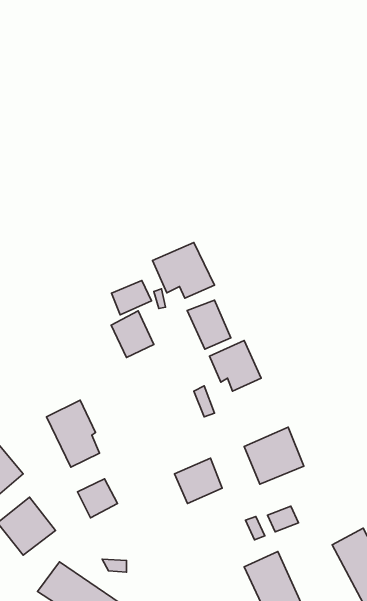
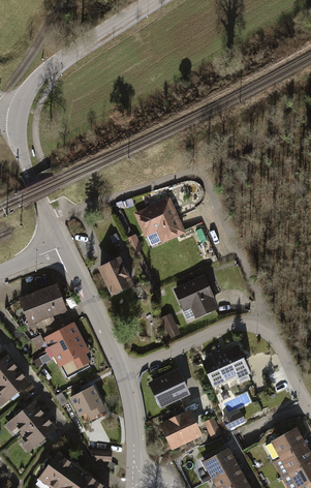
building: [111,281,151,315] -> none
building: [187,300,231,349] -> none
building: none -> [21,286,66,325]
building: none -> [156,411,200,451]

